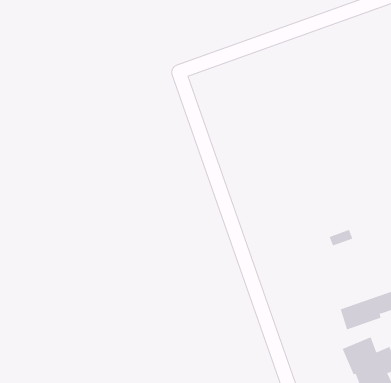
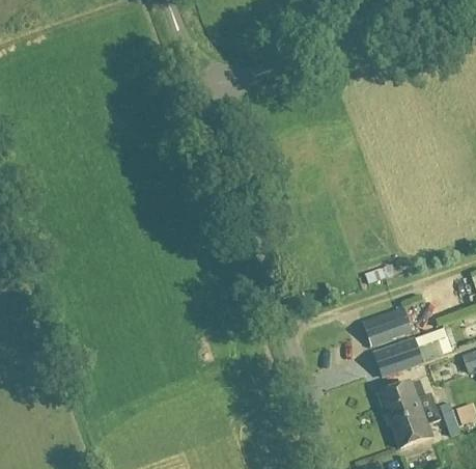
building: none -> [364,307,409,343]

